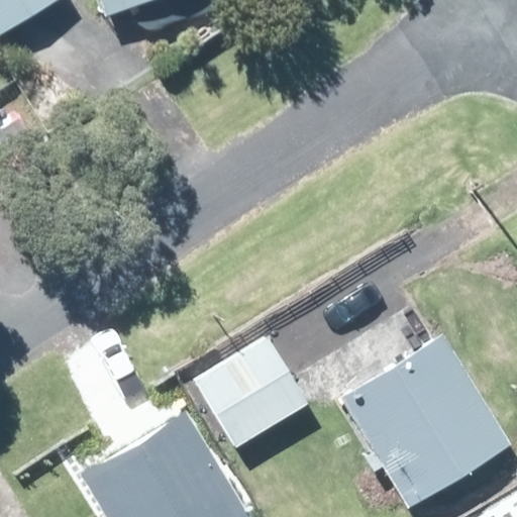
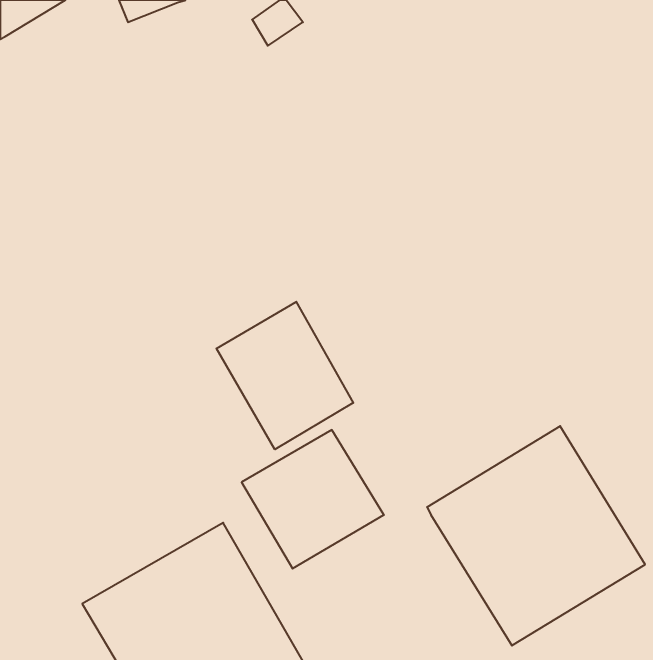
building: none -> [216,302,353,449]

